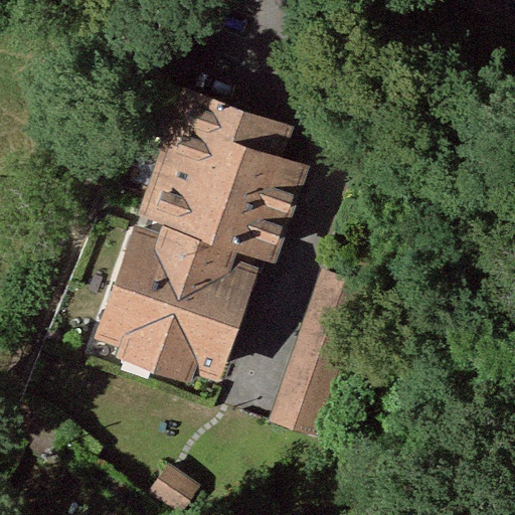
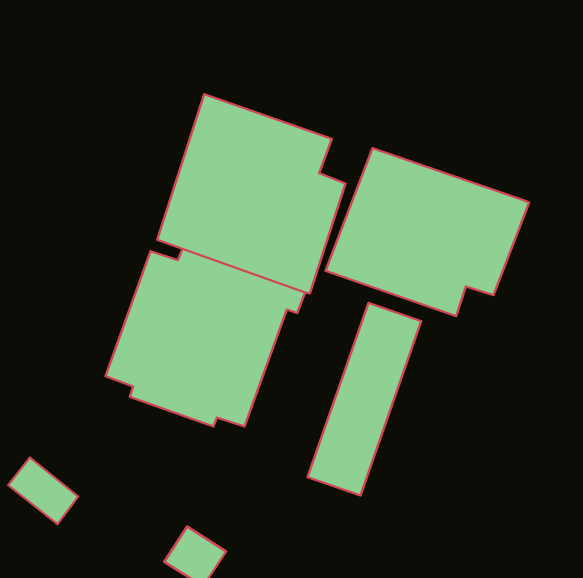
building: none -> [326,148,529,316]

